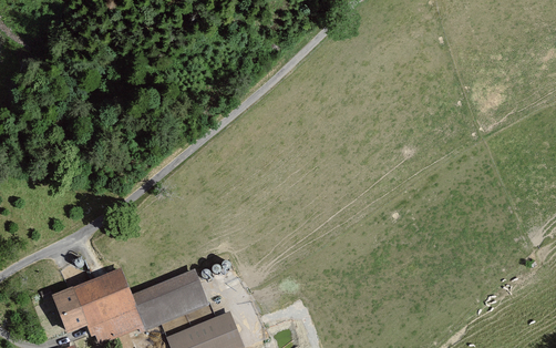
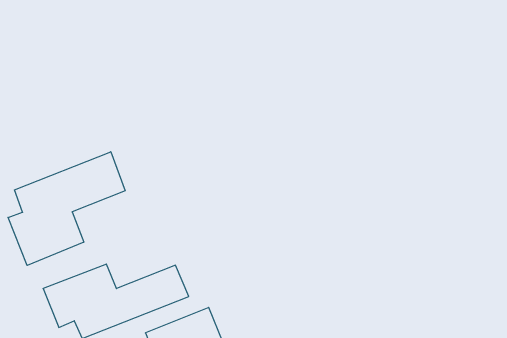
building: none -> [8,152,125,265]

